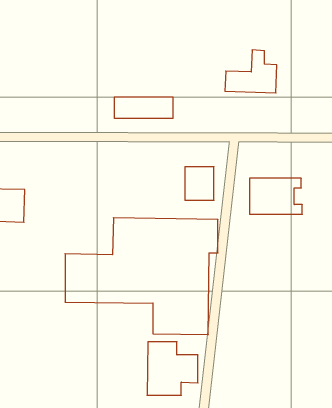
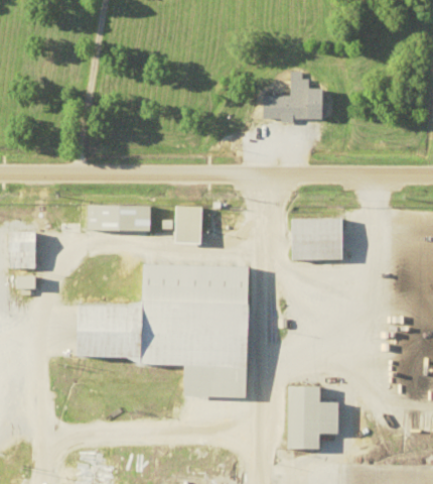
building: [114,97,173,118] -> [81,206,148,230]
building: [185,167,214,200] -> [171,206,204,244]
building: [147,342,198,395] -> [290,387,348,449]

